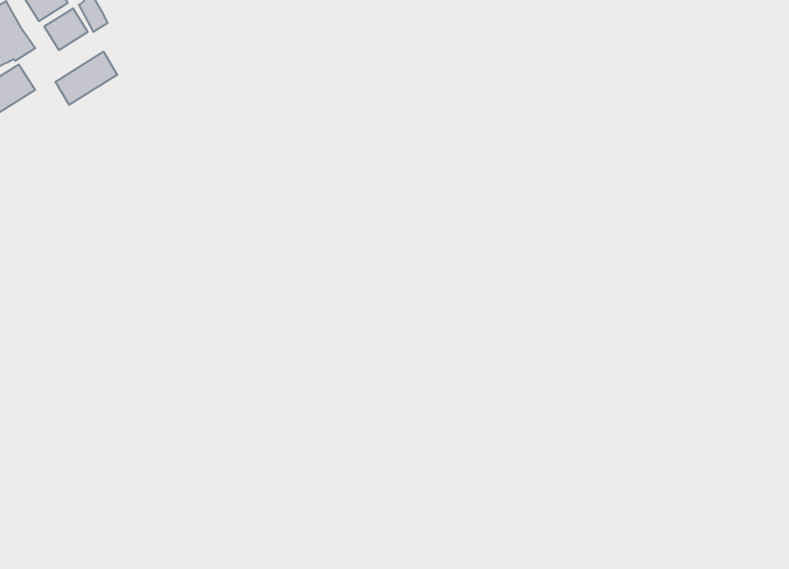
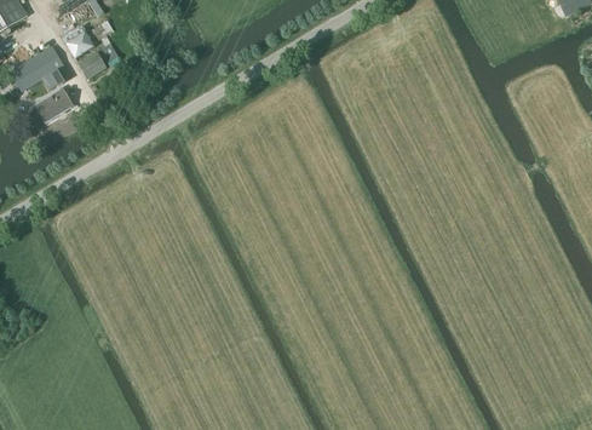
building: [55,52,117,105] -> none

